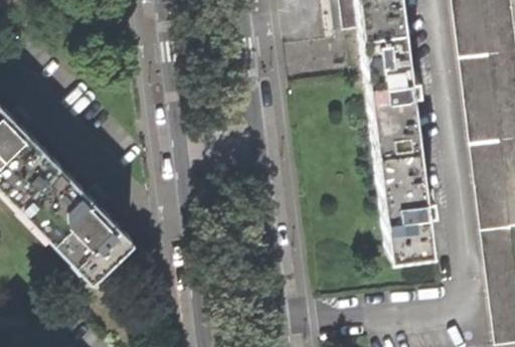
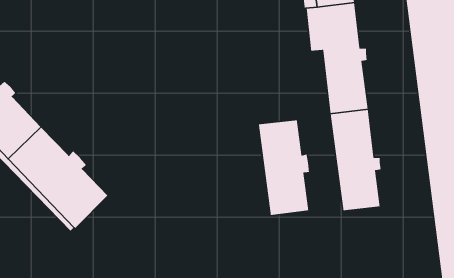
building: none -> [258,120,310,216]

